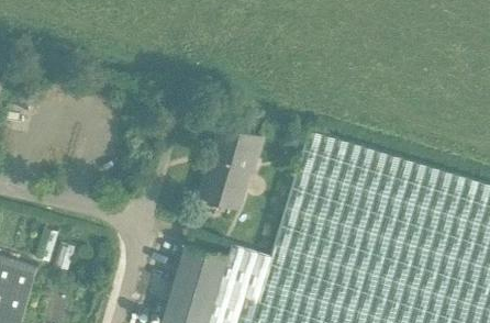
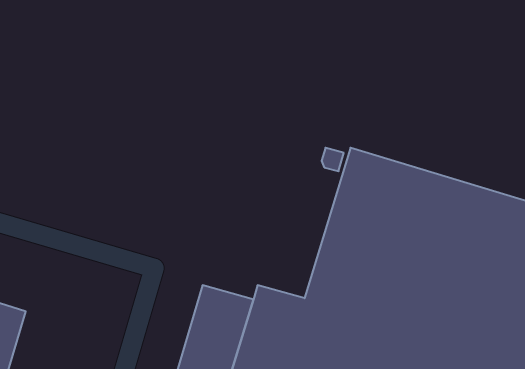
building: [200,126,263,209] -> none

